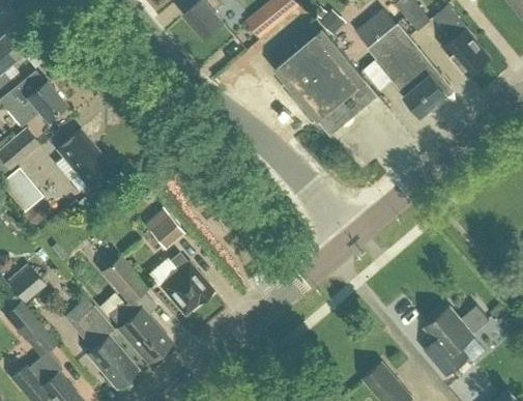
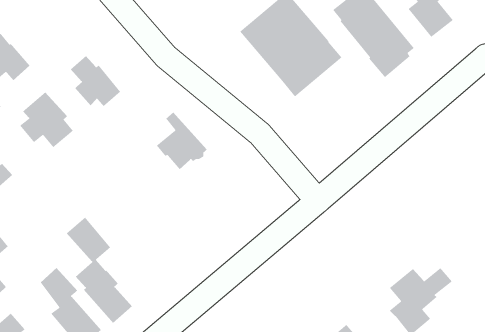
building: none -> [70,55,121,107]
building: [147,214,181,249] -> none
building: [161,253,212,312] -> [156,111,207,170]

